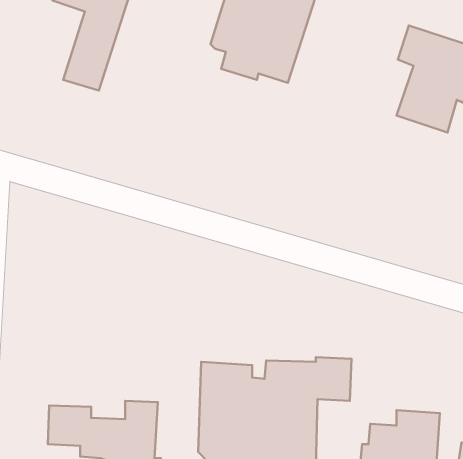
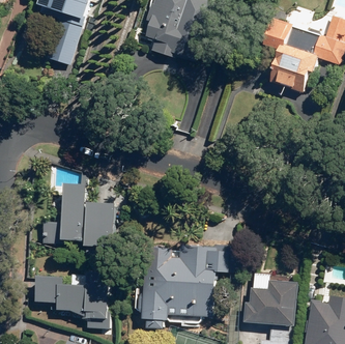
building: none -> [40,183,114,247]

